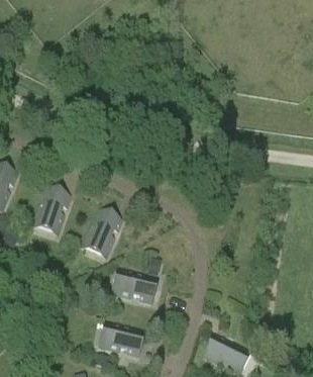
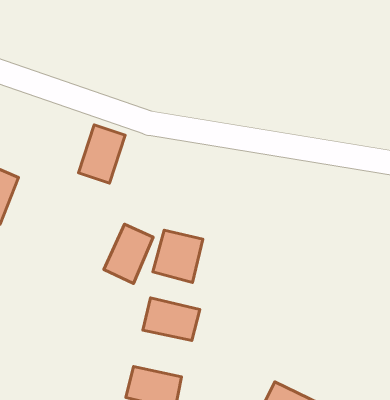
building: [32,188,69,233] -> [79,125,125,183]
building: none -> [153,230,203,282]

